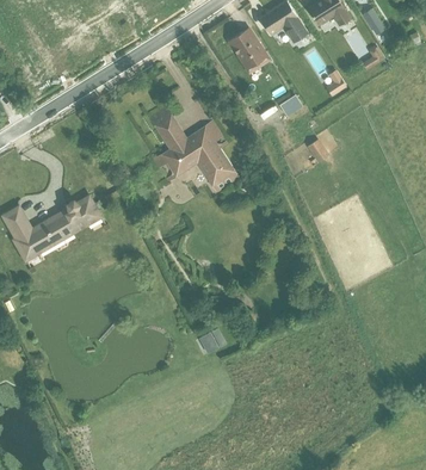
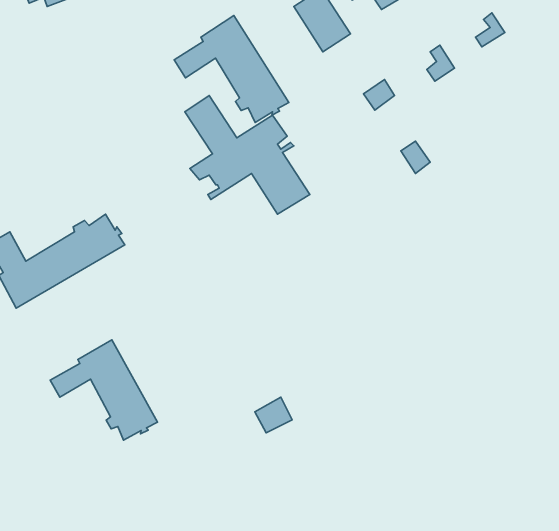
building: none -> [174,15,289,122]
building: none -> [50,340,158,440]

